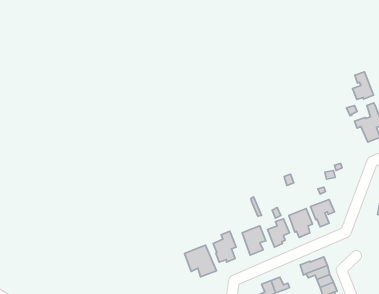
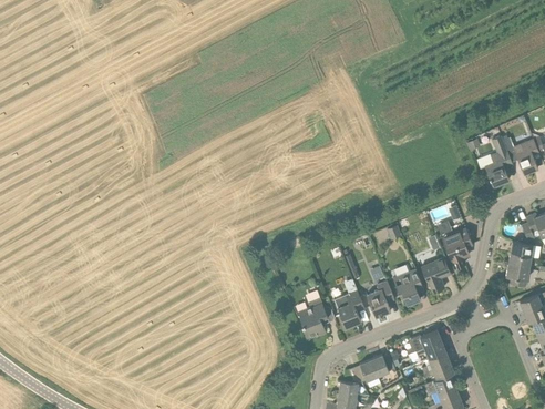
building: [353,72,373,100] -> none
building: none -> [442,228,472,267]
building: [184,245,216,277] -> none

